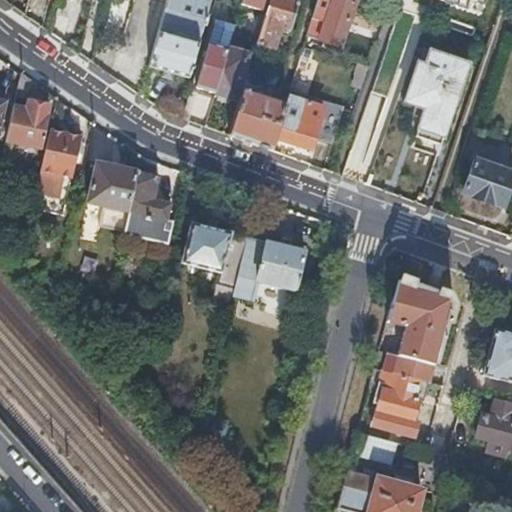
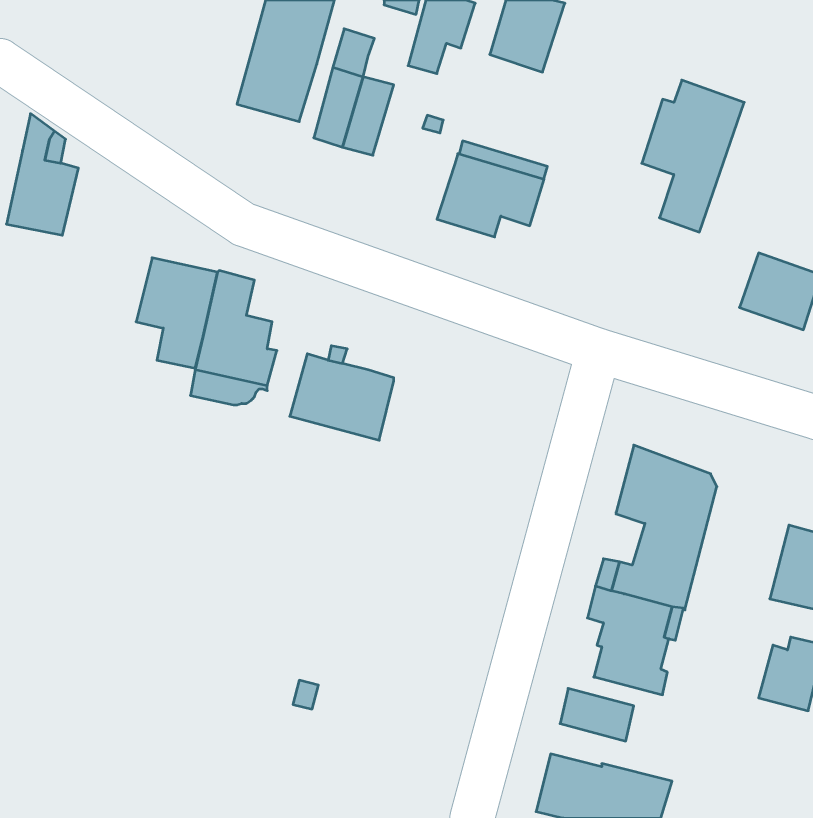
building: [231,83,287,148] -> none
building: [37,129,83,196] -> none
building: [234,236,306,302] -> none

